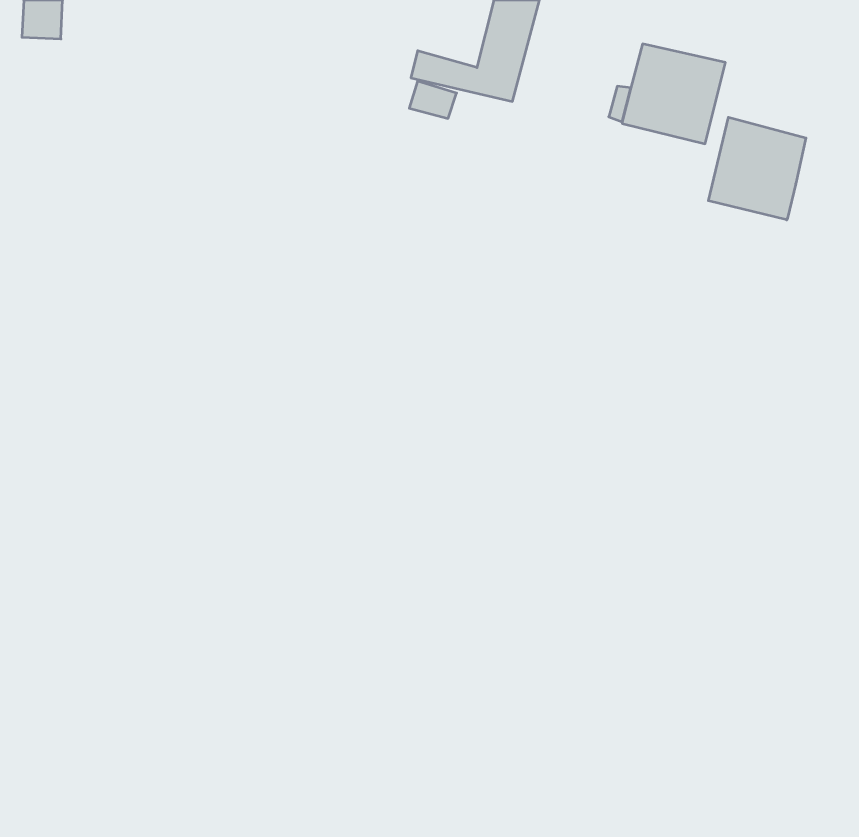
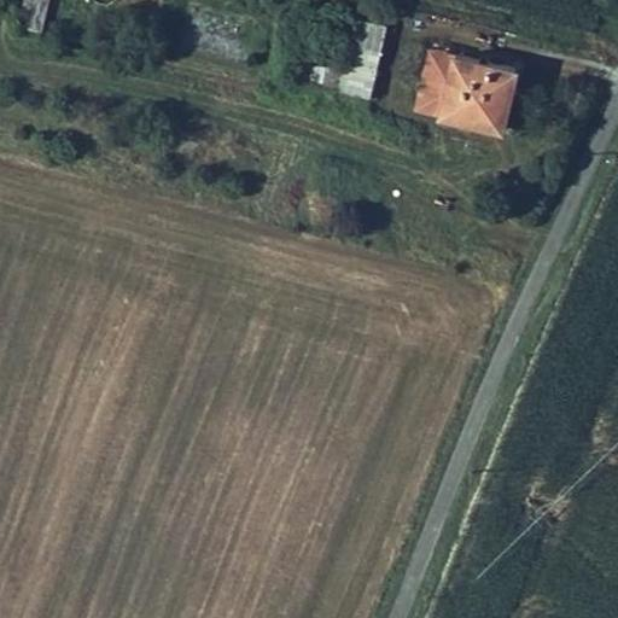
building: [708,117,806,220] -> none

